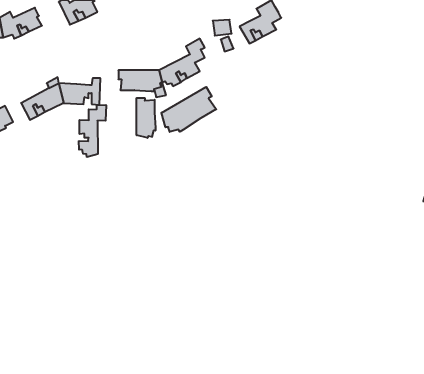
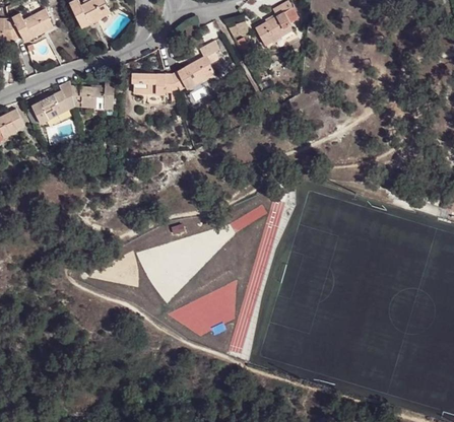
building: [161,87,216,132] -> none
building: [137,98,155,138] -> none
building: [79,105,106,157] -> none

